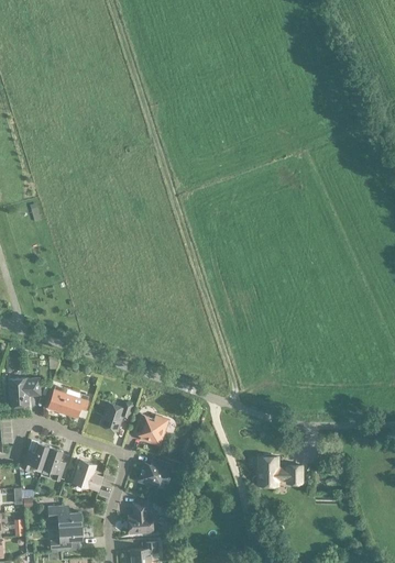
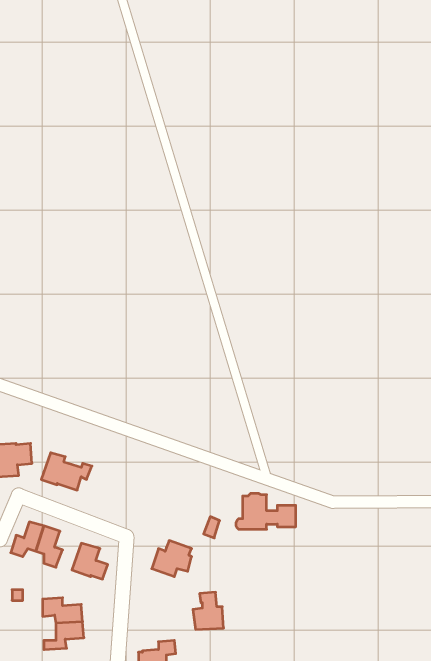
building: [99,401,131,430] -> none
building: [131,412,166,443] -> none
building: [251,454,300,484] -> [236,493,296,529]
building: [127,501,152,532] -> [193,592,224,629]

